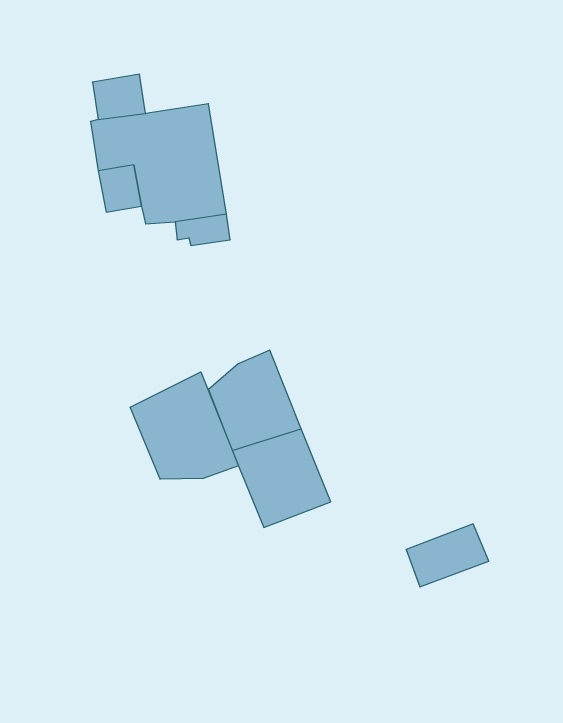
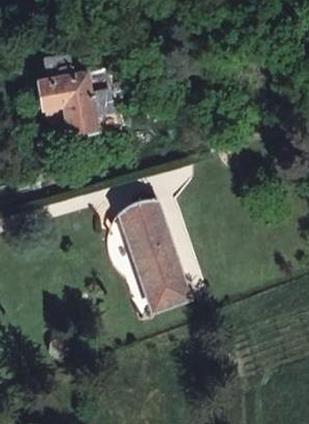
building: [130,372,238,479] -> none
building: [406,524,489,587] -> [141,277,184,310]

